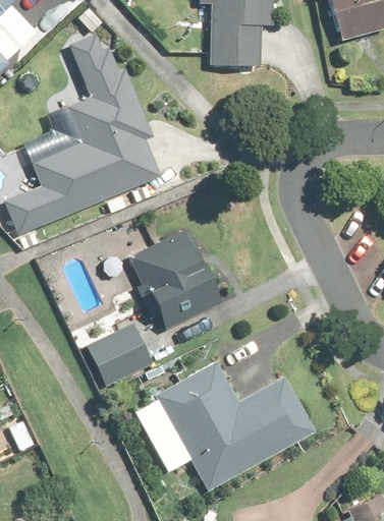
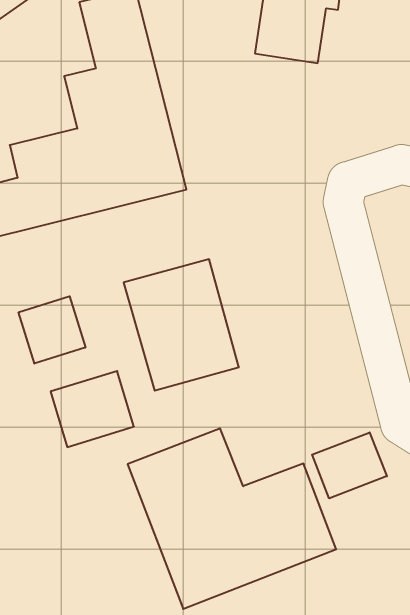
building: none -> [19,296,85,364]
building: none -> [312,432,387,498]

